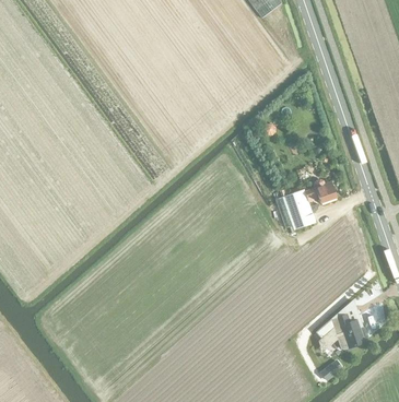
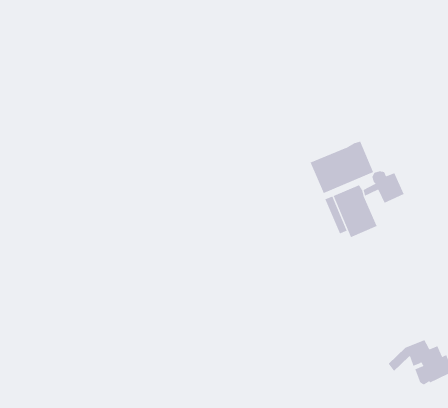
building: none -> [310,141,374,194]

